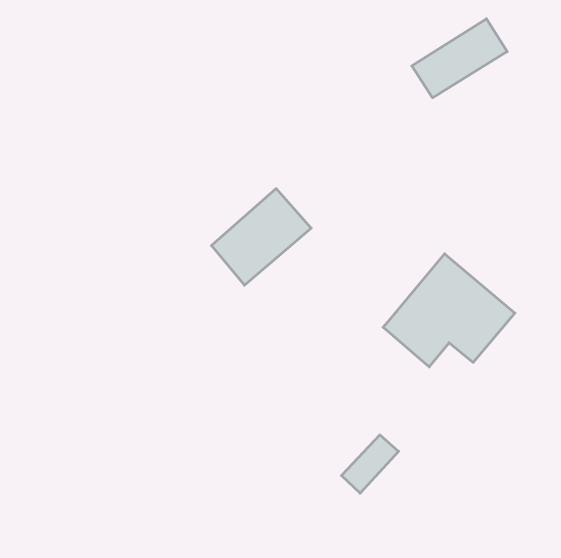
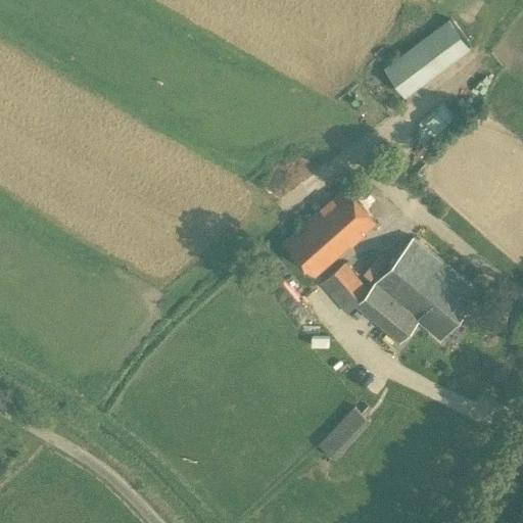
building: [211,189,311,285] -> [284,189,377,279]
building: none -> [320,265,369,317]

